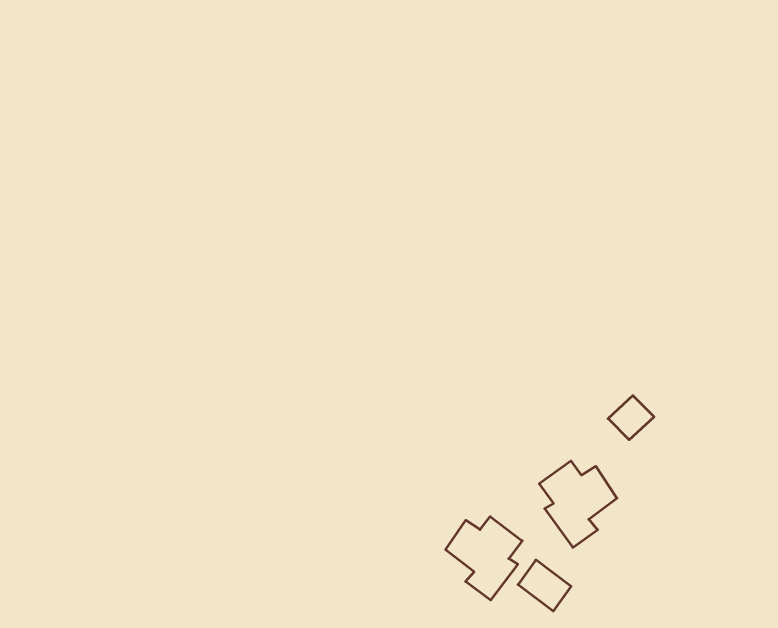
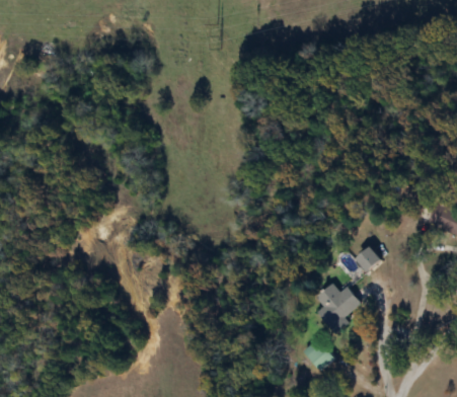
building: [446,517,522,600] -> none

